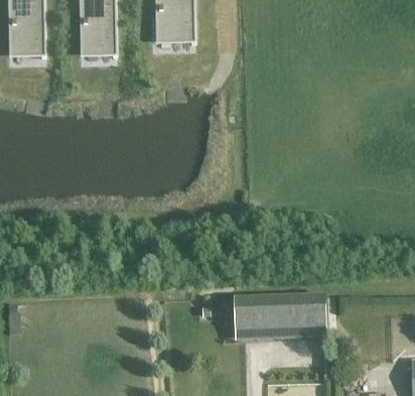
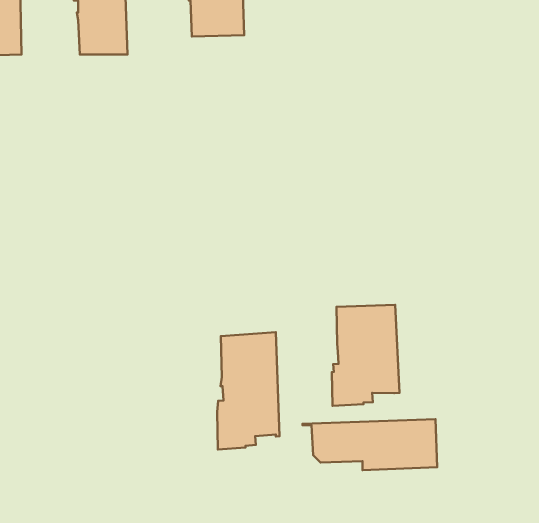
building: none -> [332,305,400,406]
building: none -> [217,332,279,449]

